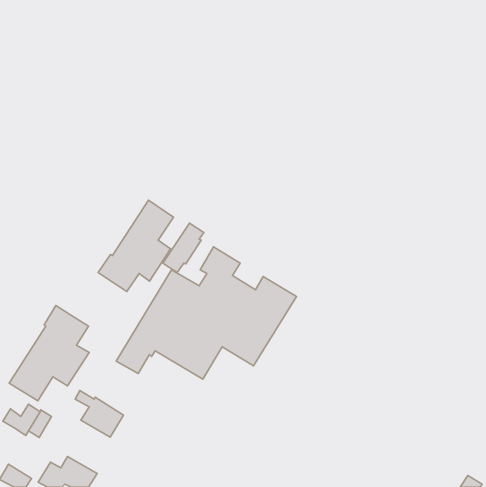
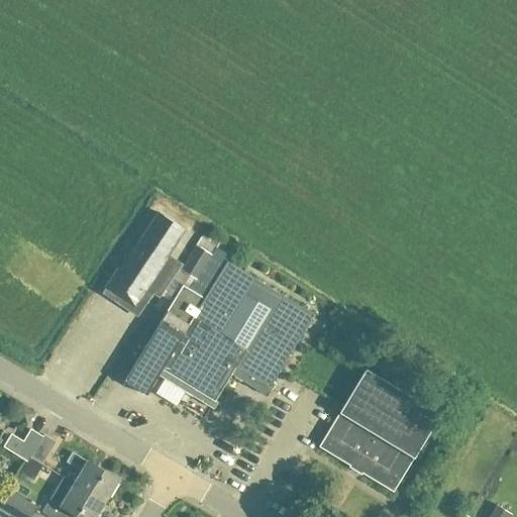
building: [9,306,89,401] -> none
building: none -> [320,371,440,493]
building: [75,391,124,437] -> [66,452,117,502]

